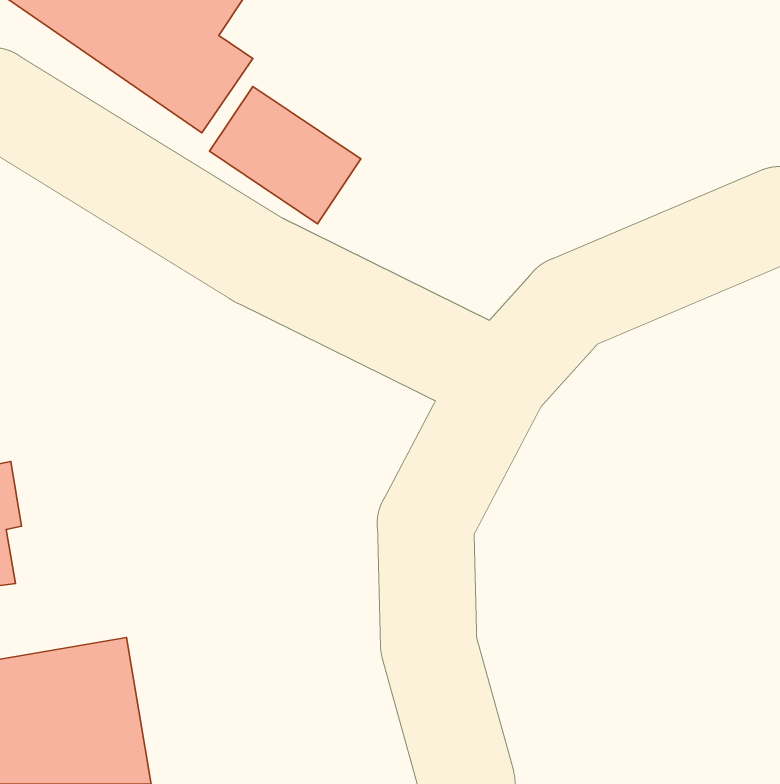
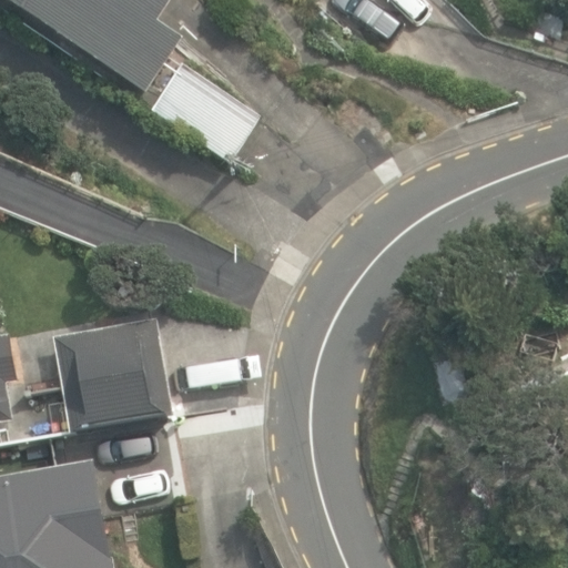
building: none -> [43,316,172,433]

